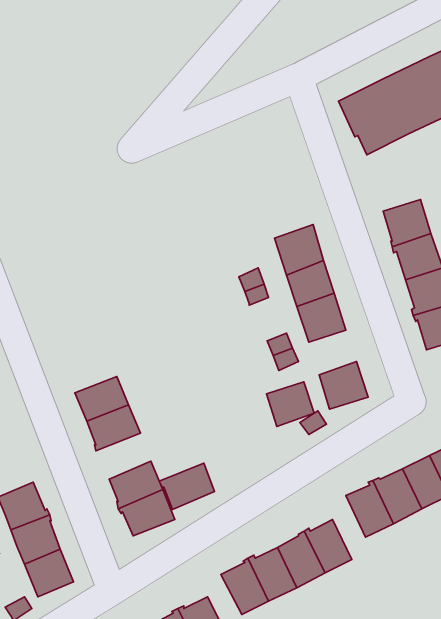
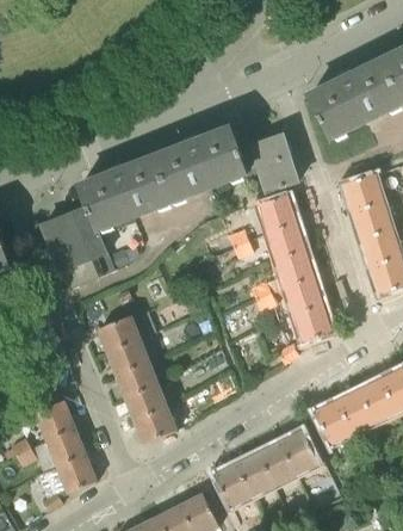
building: none -> [42,129,296,289]
building: [267,382,314,426] -> [284,279,322,315]
building: [159,463,214,509] -> [113,362,157,399]

